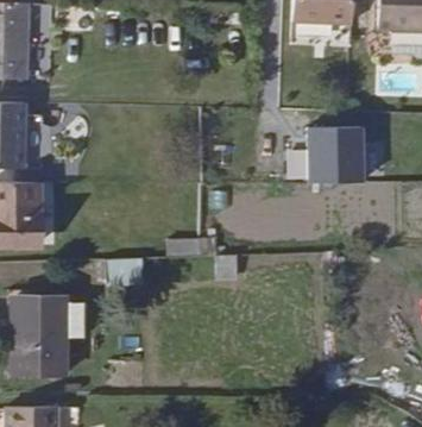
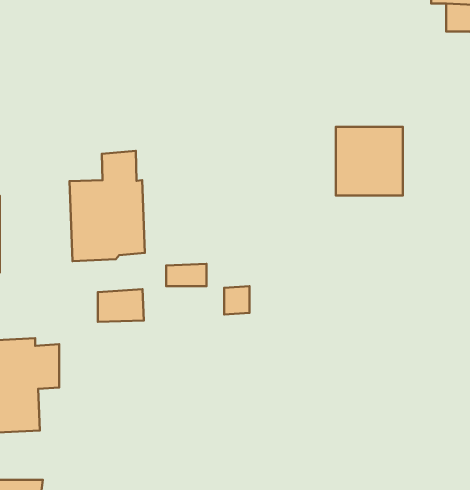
building: none -> [70,151,145,261]

